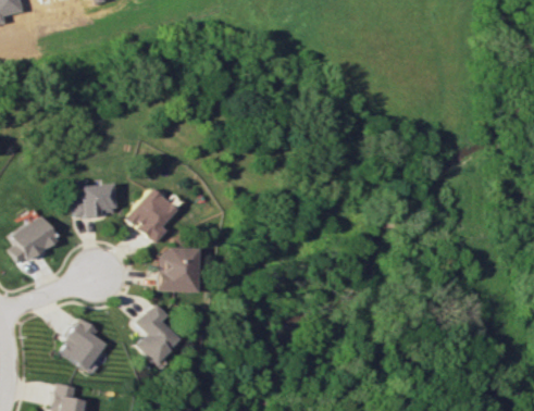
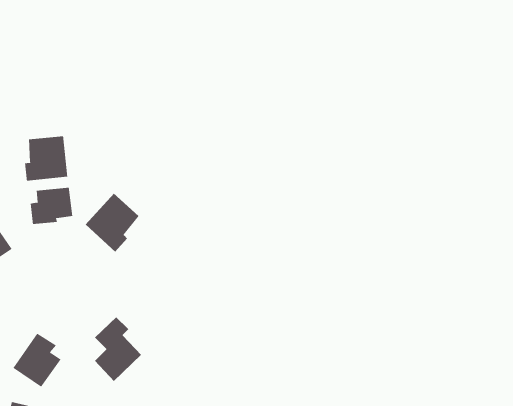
building: none -> [25,135,68,181]
building: [161,247,201,292] -> none

